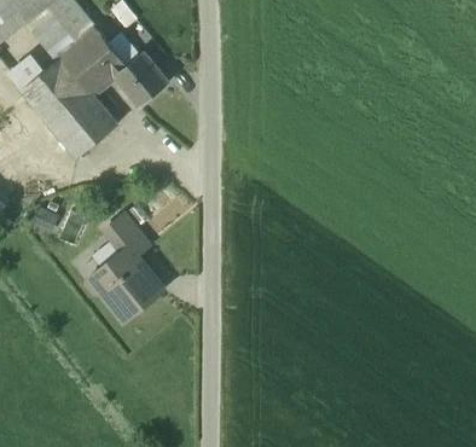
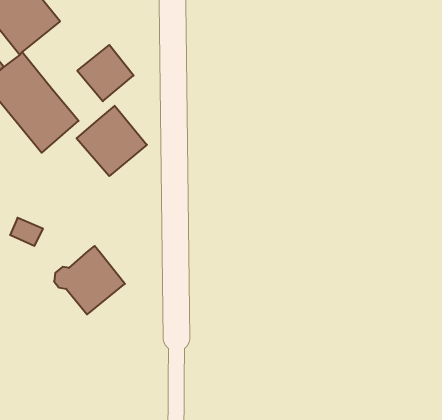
building: [59,27,127,94] -> none
building: none -> [77,106,147,176]
building: [105,214,149,255] -> none

